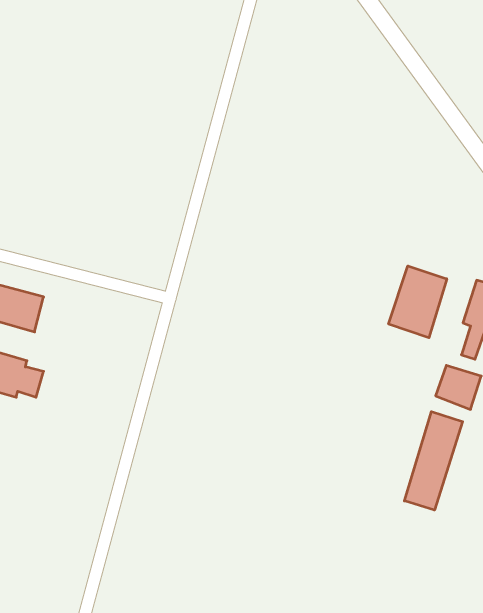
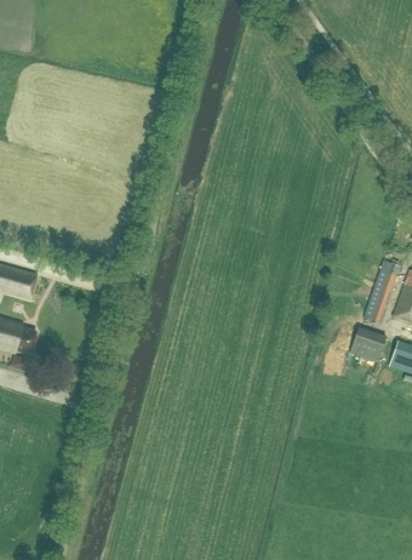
building: [389,266,447,338] -> none
building: [404,412,463,510] -> none

